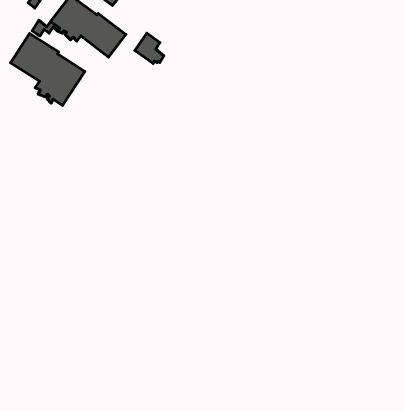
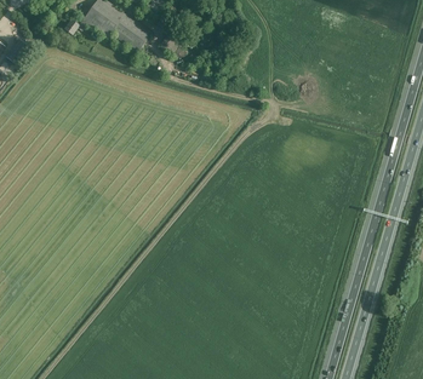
building: [10,34,85,105] -> none

